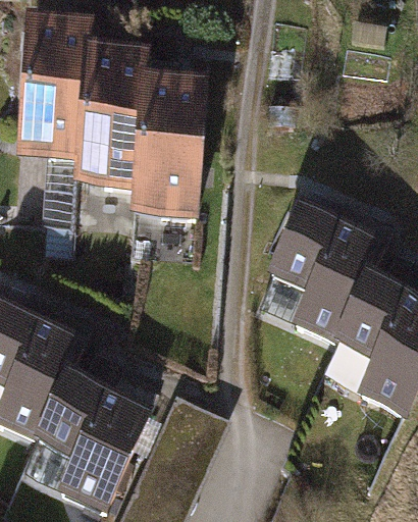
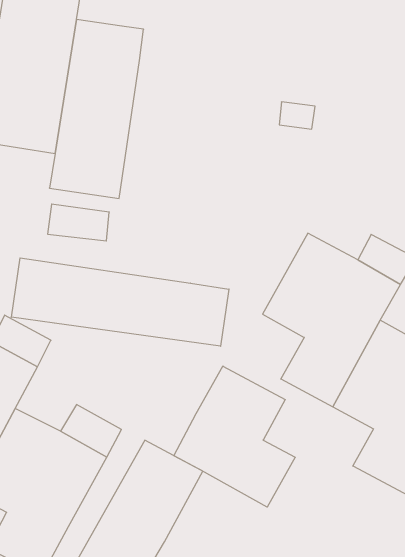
building: [139,73,205,220] -> none
building: none -> [11,258,229,346]
building: none -> [174,366,295,507]

